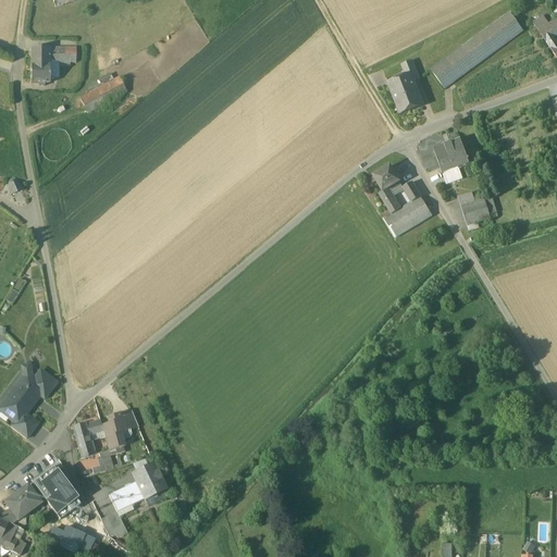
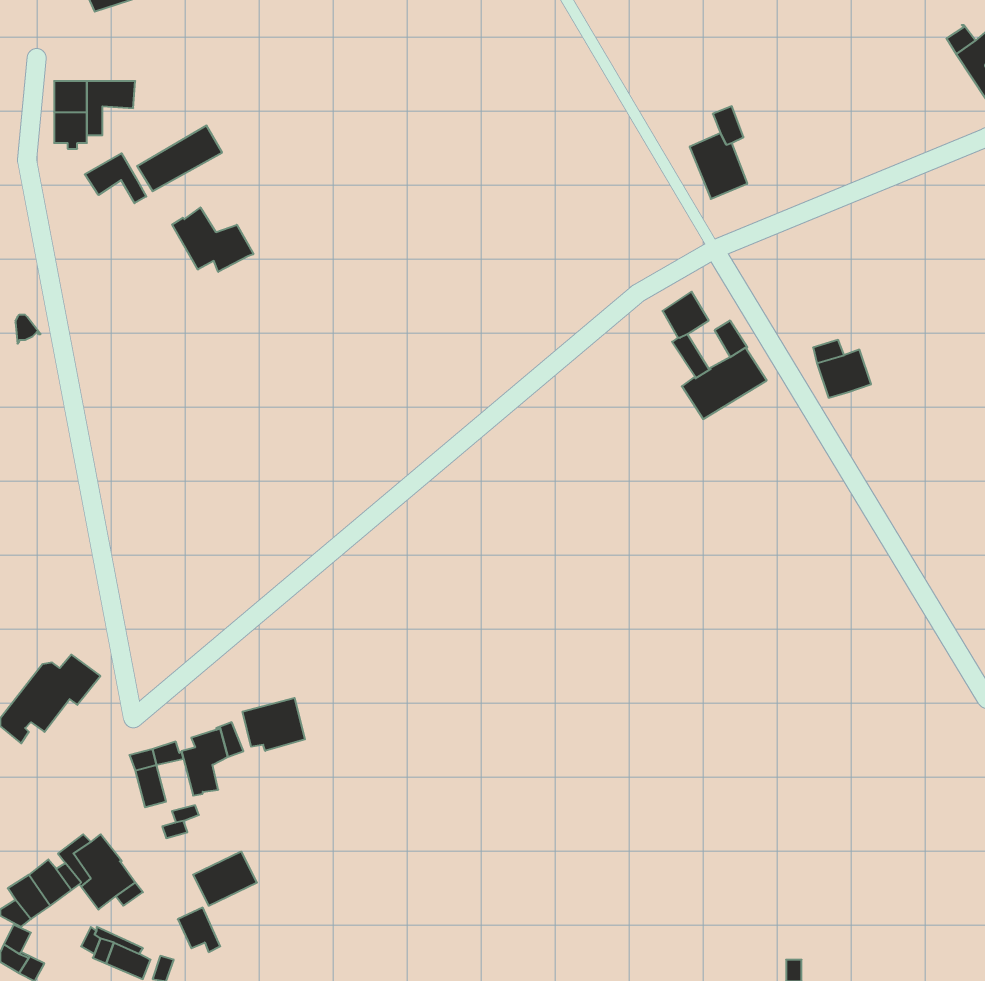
building: [431,10,524,87] -> none
building: none -> [85,153,146,203]
building: none -> [172,207,253,272]
building: [434,137,471,172] -> none
building: none -> [243,698,305,751]
building: [11,407,39,437] -> none
building: [137,462,166,497] -> none

